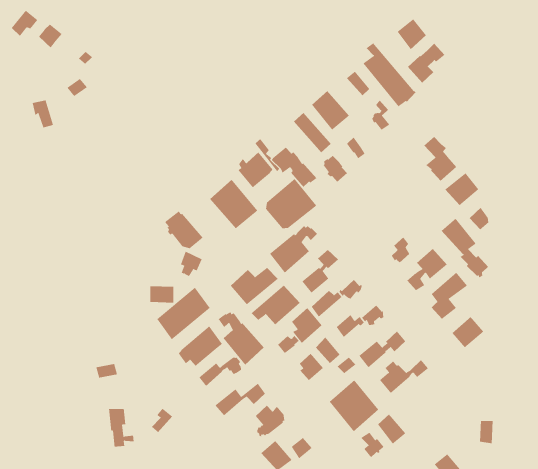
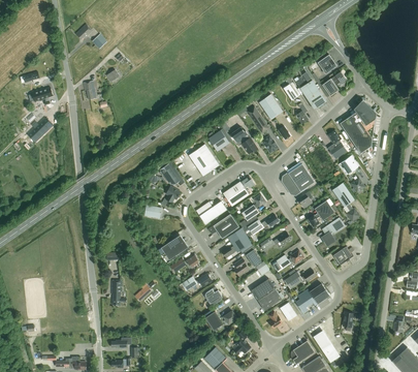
building: none -> [340,100,376,153]
building: [265,178,317,229] -> [282,163,315,194]
building: [156,287,210,340] -> none
building: [218,312,265,366] -> none
building: none -> [294,284,329,313]

